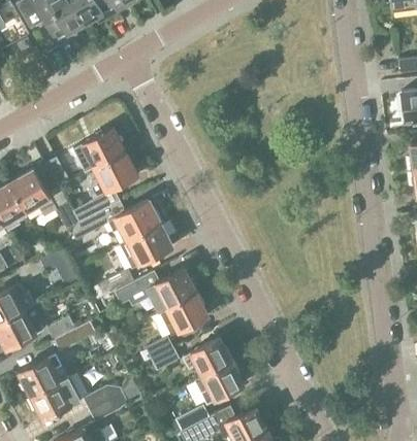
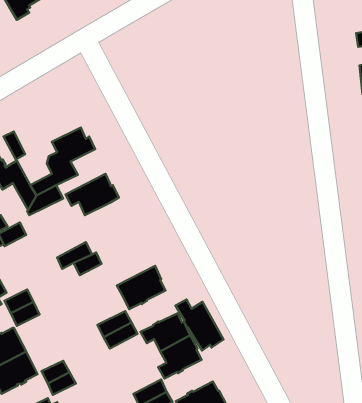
building: [73,127,126,168] -> none
building: [127,224,171,268] -> none
building: [147,269,197,311] -> none
building: none -> [176,300,223,351]

